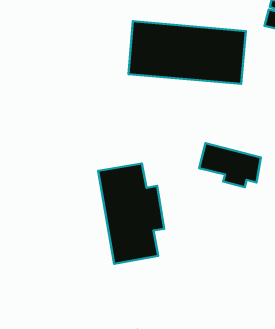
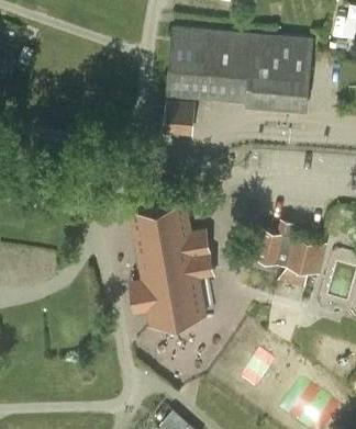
building: none -> [169,99,199,134]
building: [199,143,261,187] -> [248,228,324,282]

